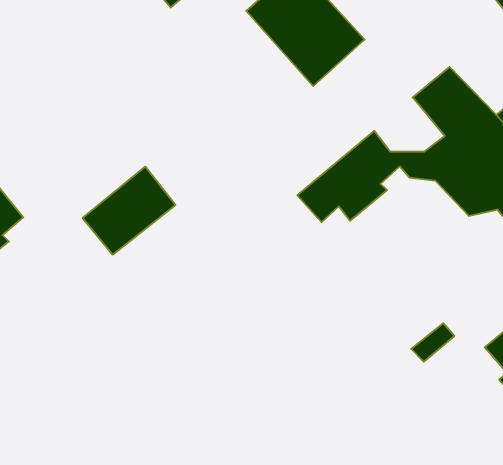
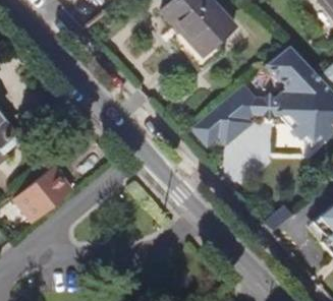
building: [83,167,175,255] -> [14,166,73,222]

